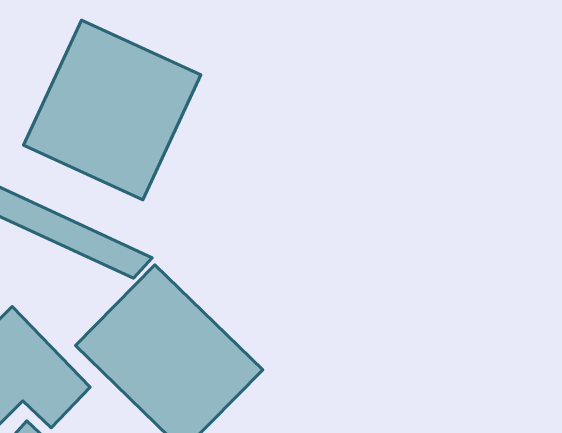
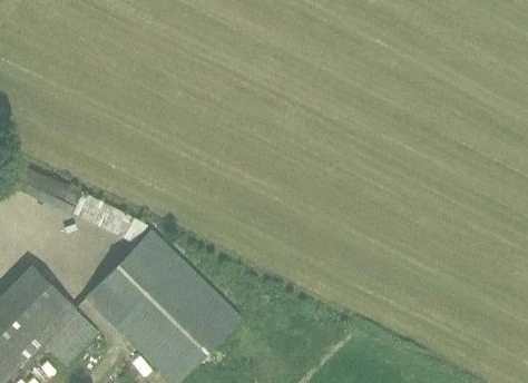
building: [23,20,201,200] -> none

